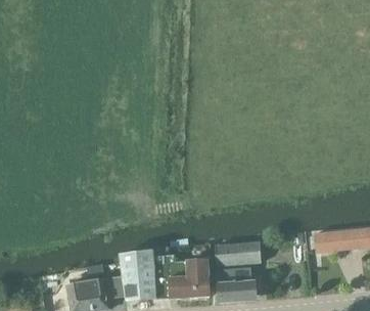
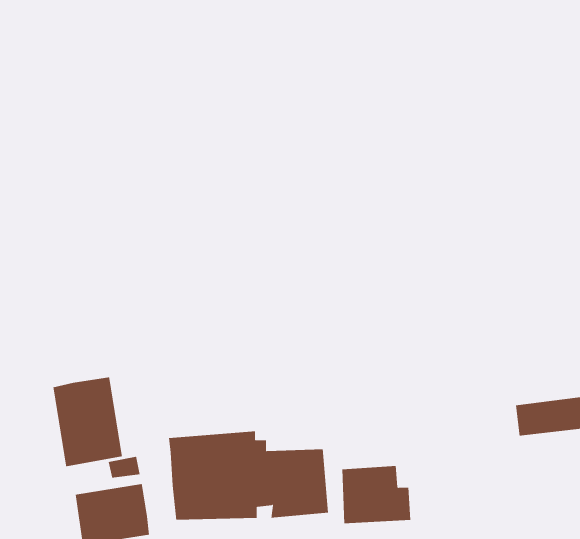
building: none -> [53,376,122,467]
building: [214,243,259,265] -> none

